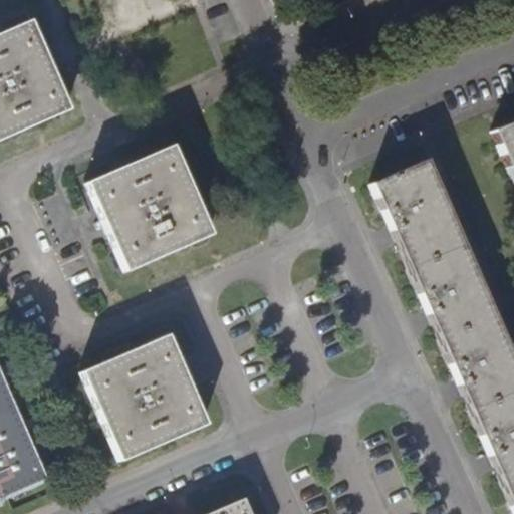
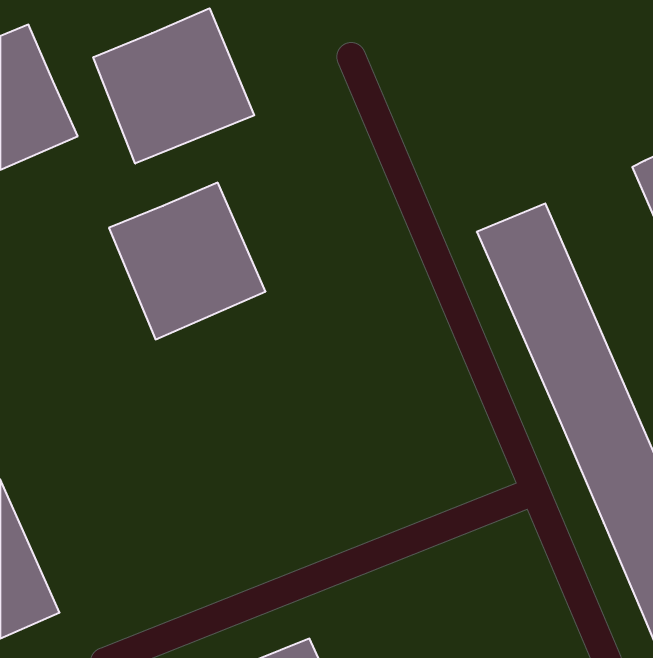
building: none -> [93,8,254,164]
building: [83,335,205,457] -> none

